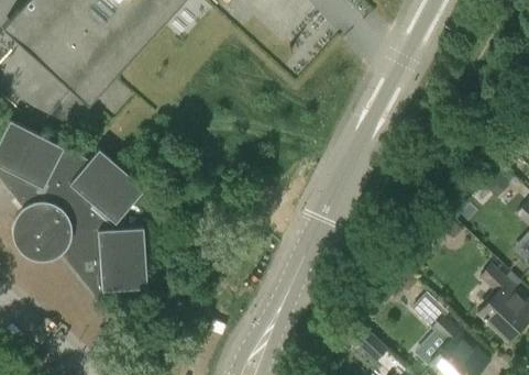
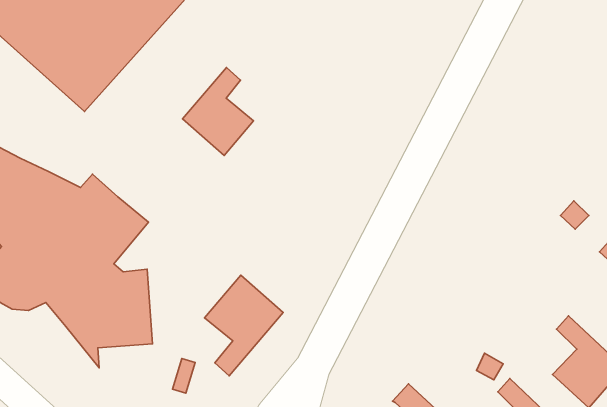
building: none -> [183,68,254,155]
building: none -> [205,275,283,376]

